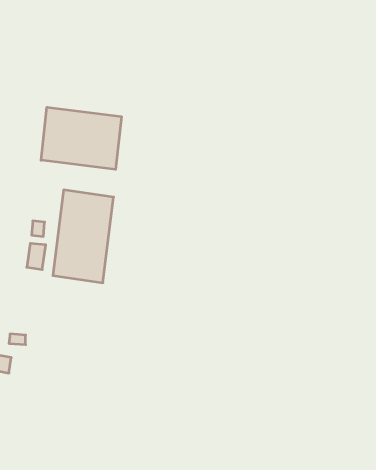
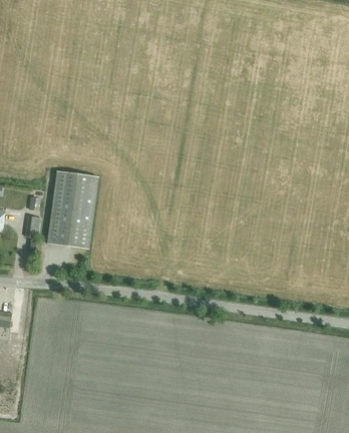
building: [41,107,121,169] -> none

